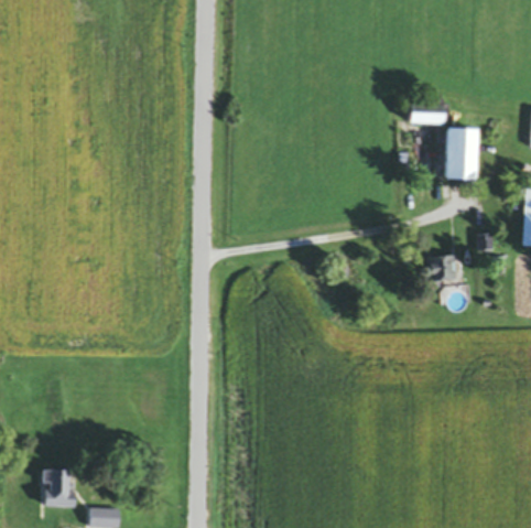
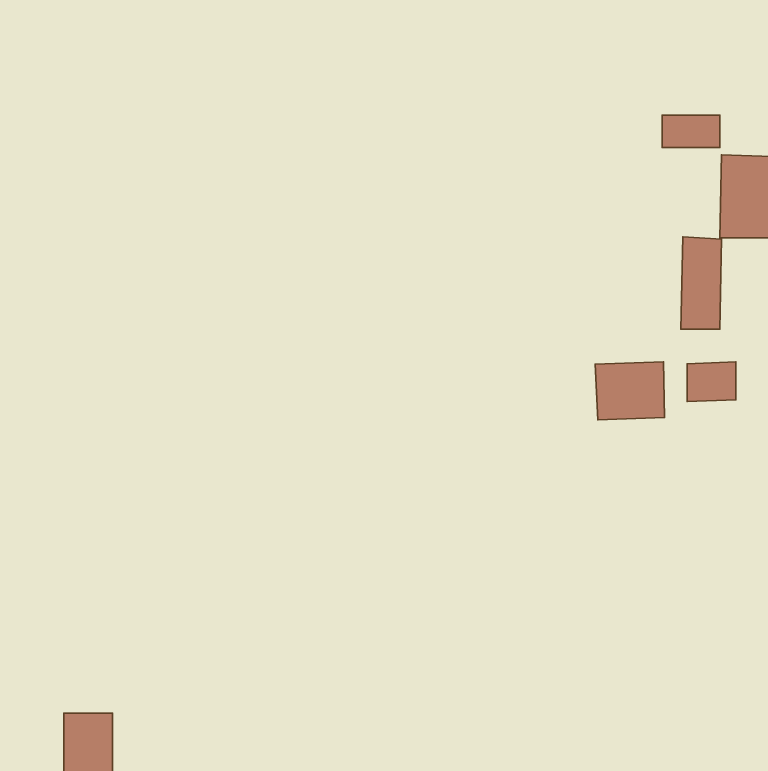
building: none -> [681,237,722,329]
building: none -> [595,362,665,420]

